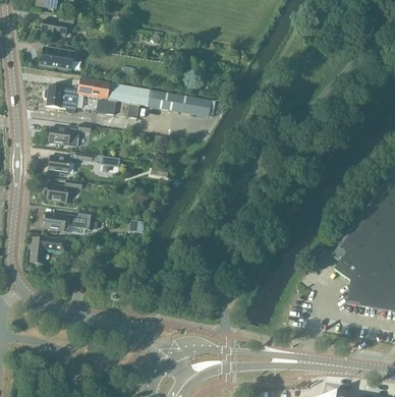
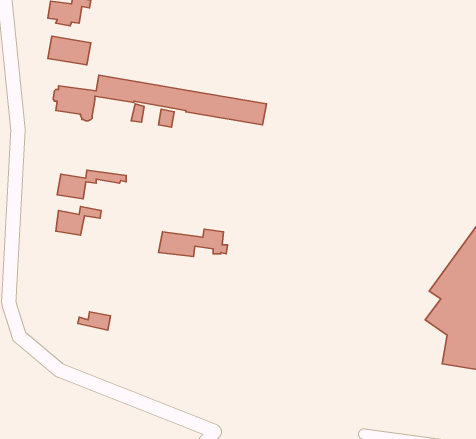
building: [48,126,75,145] -> none
building: [43,210,97,231] -> [159,229,227,257]
building: [30,236,66,264] -> none

